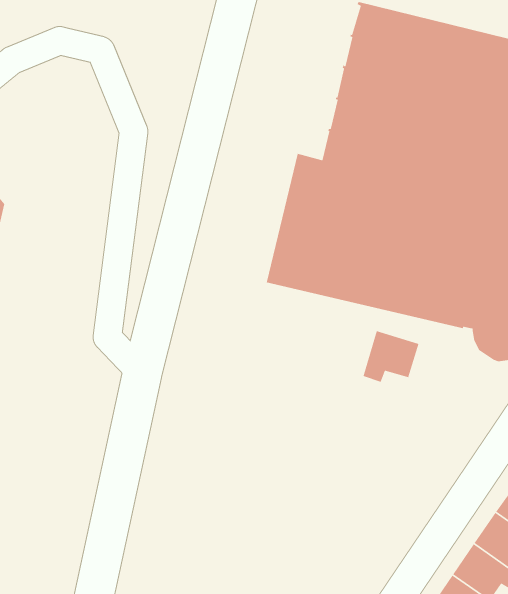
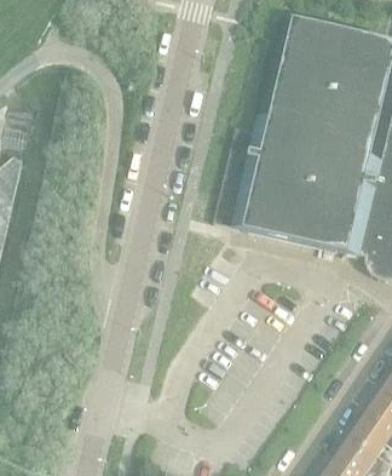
building: [362,330,420,383] -> none

